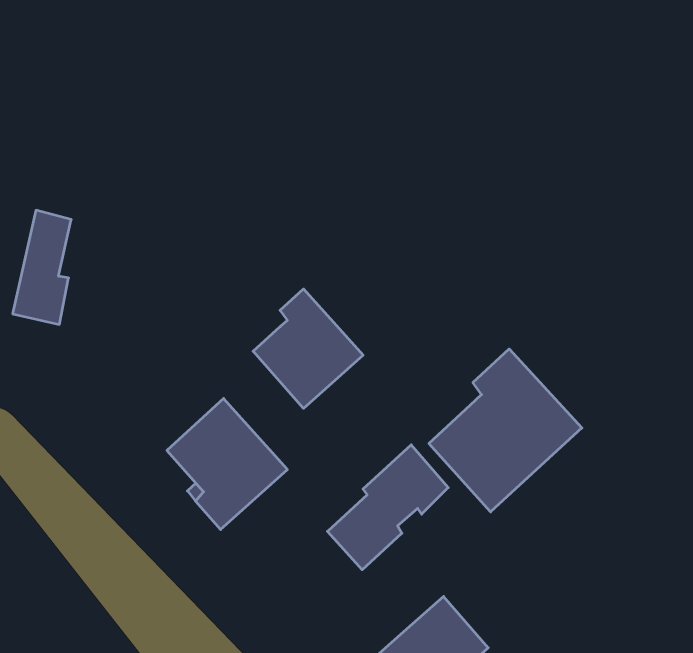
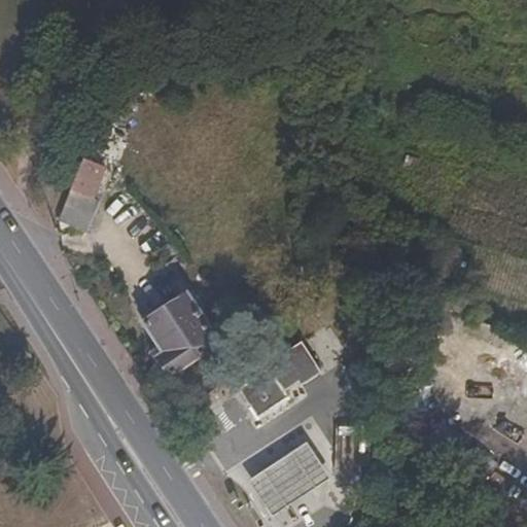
building: [253,289,363,408] -> none
building: [429,349,582,512] -> none

